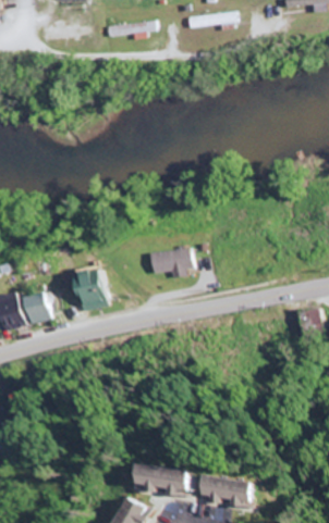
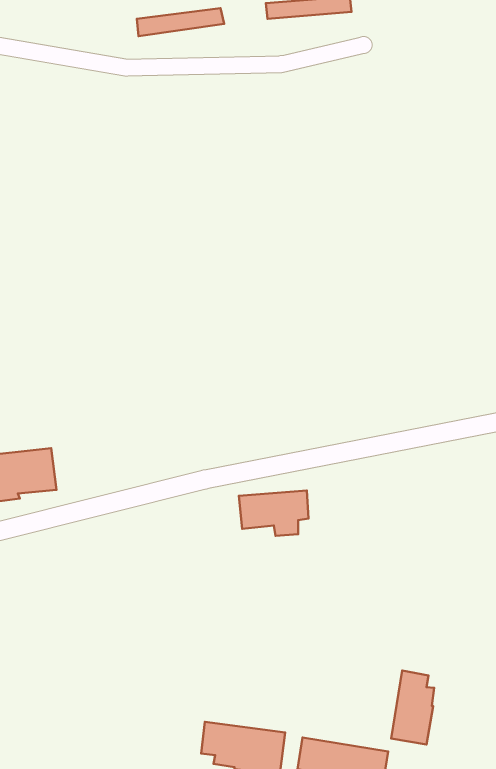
building: [142,249,185,277] -> [239,491,309,536]
building: [77,269,110,308] -> none
building: none -> [391,671,434,745]

